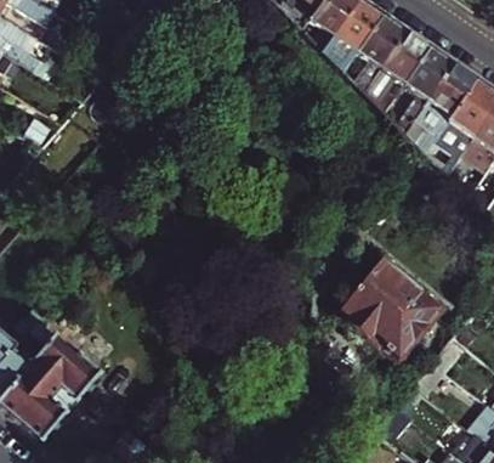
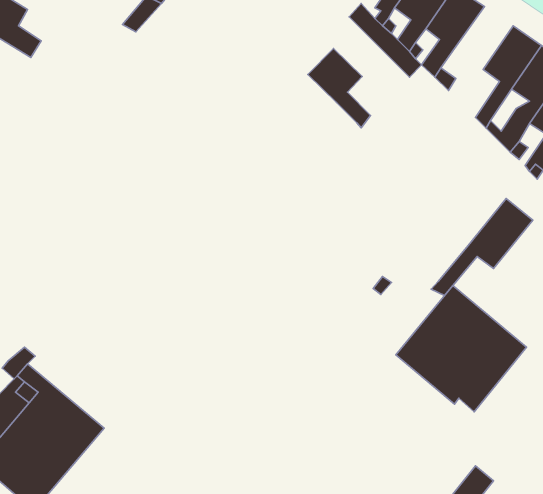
building: [382,30,430,81] -> none
building: none -> [308,49,371,128]
building: none -> [431,199,533,296]

